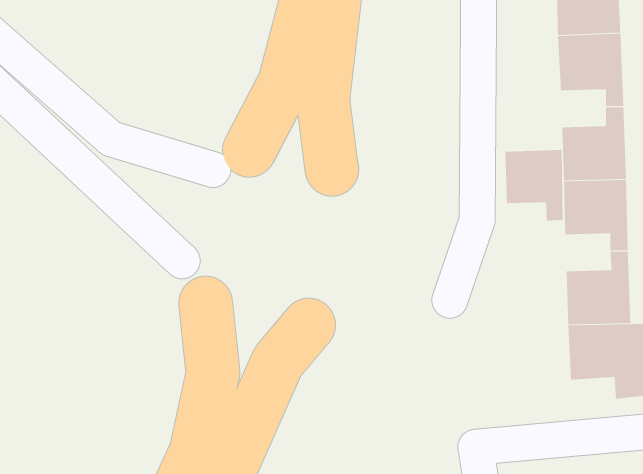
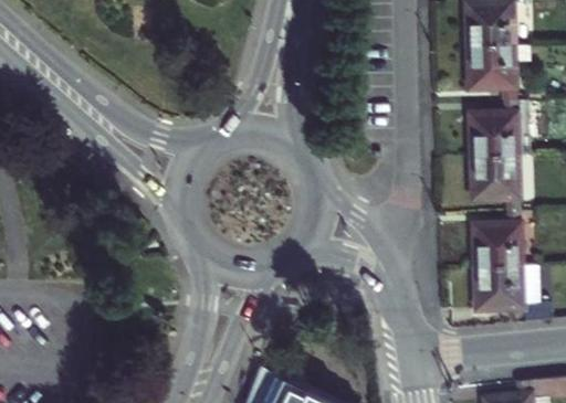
building: [505,149,563,221] -> none

